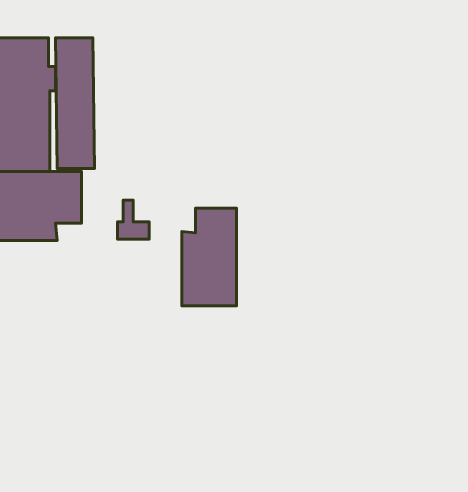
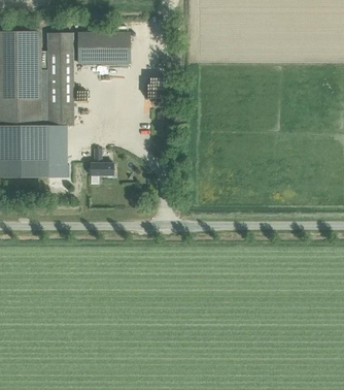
building: none -> [77,32,131,65]
building: [182,208,236,306] -> none

